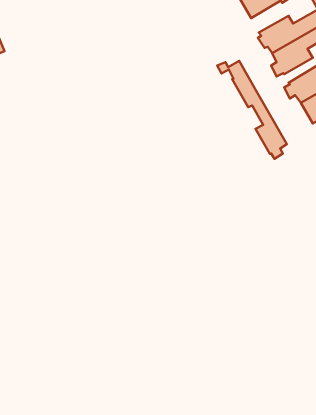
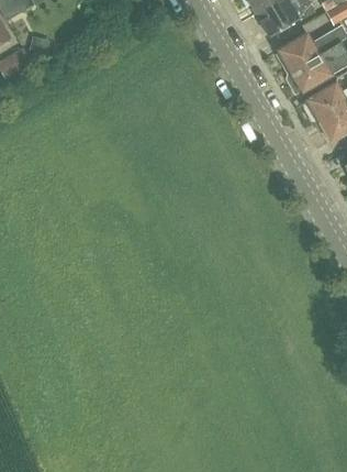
building: [217,61,287,159] -> none

